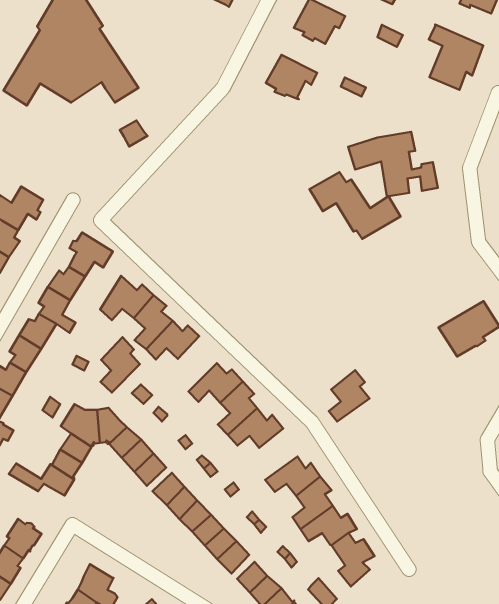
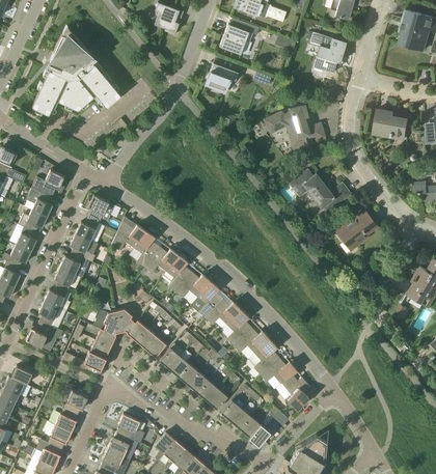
building: [309,172,400,239] -> [289,170,351,213]
building: [100,337,140,392] -> [166,255,192,292]
building: [329,370,369,422] -> [226,310,252,345]

